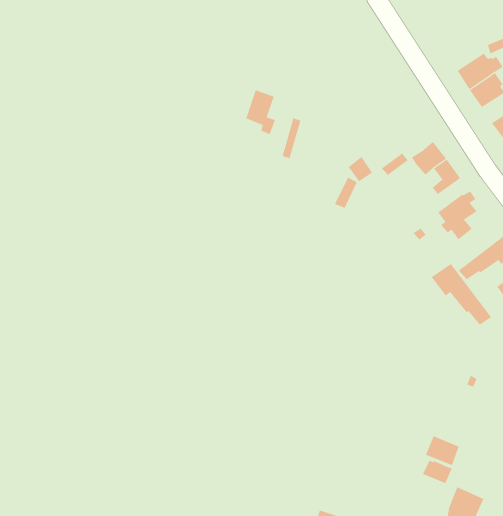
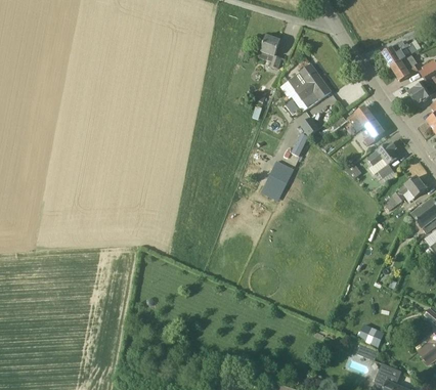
building: none -> [289,64,332,109]
building: [245,90,276,135] -> [259,35,281,69]
building: none -> [261,160,294,200]
building: [431,263,492,325] -> none

